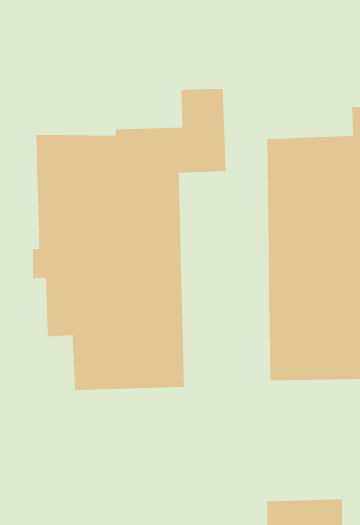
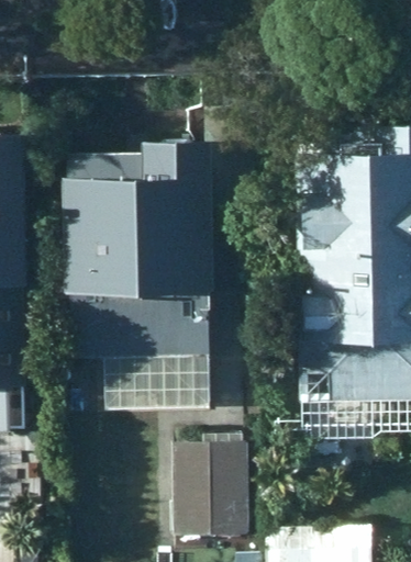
building: none -> [154,431,251,539]

